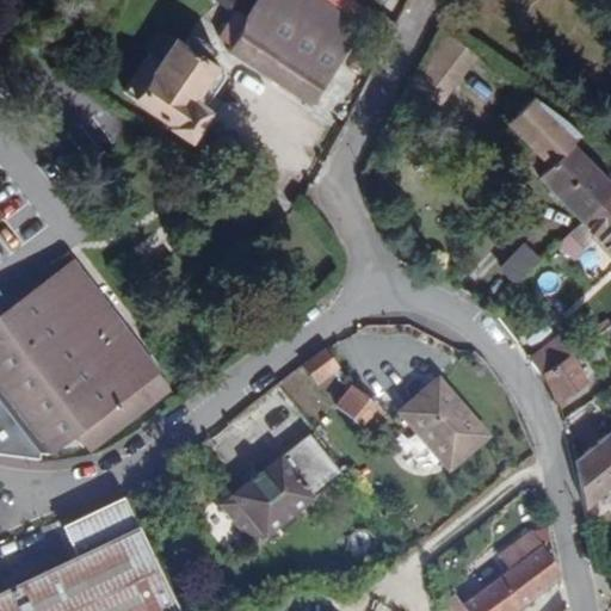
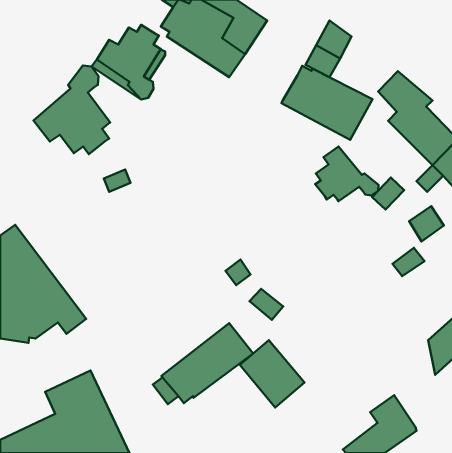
building: none -> [33,66,110,154]
building: none -> [282,66,373,140]
building: none -> [315,147,379,201]
building: [23,264,168,428] -> none
building: [543,351,590,399] -> [409,206,444,242]
building: [401,378,488,469] -> [240,340,305,408]

